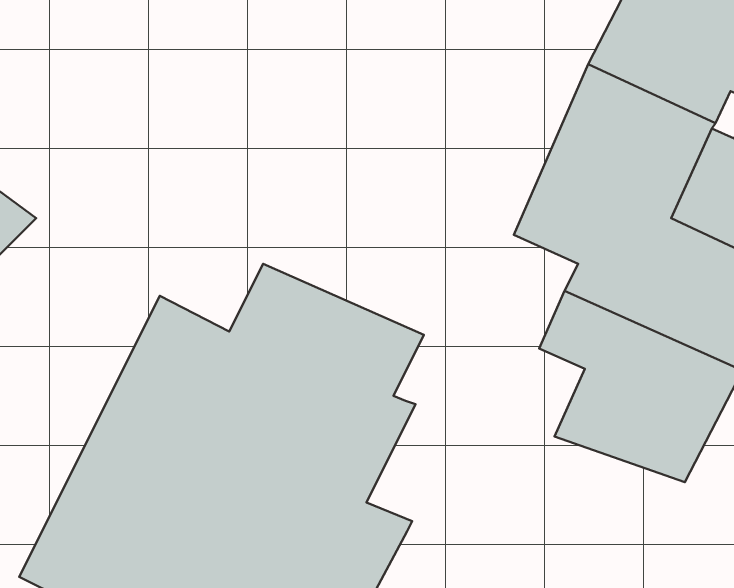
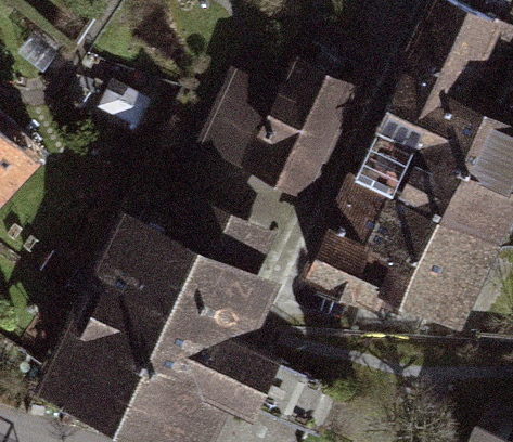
building: none -> [205,53,359,204]
building: none -> [298,177,392,314]

